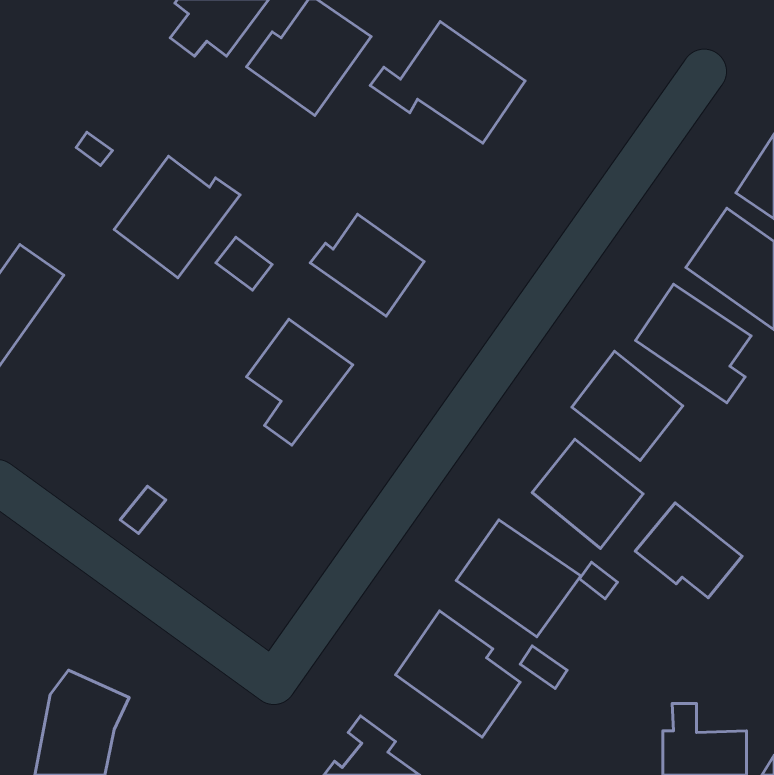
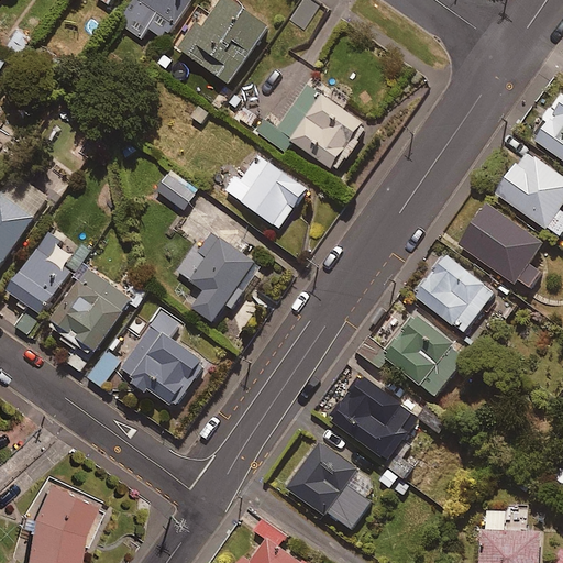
building: [370,22,525,143] -> [256,85,368,173]
building: [114,156,240,278] -> none
building: none -> [7,231,69,314]
building: none -> [51,268,132,351]
building: none -> [120,311,201,406]
building: [635,503,742,598] -> none

